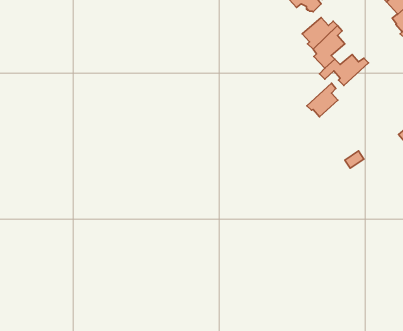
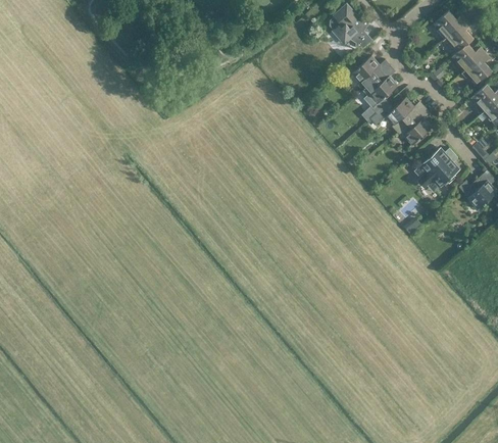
building: [307,83,338,117] -> [397,107,432,145]
building: none -> [420,148,459,188]

